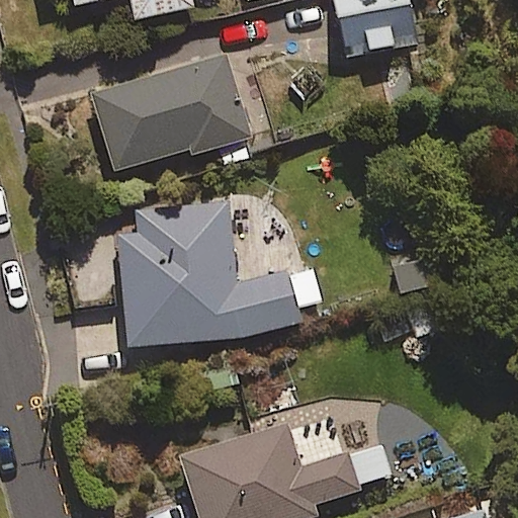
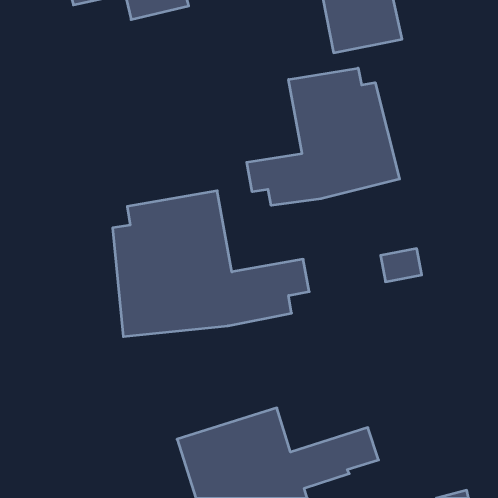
building: [94,58,253,170] -> none
building: none -> [247,68,400,205]

